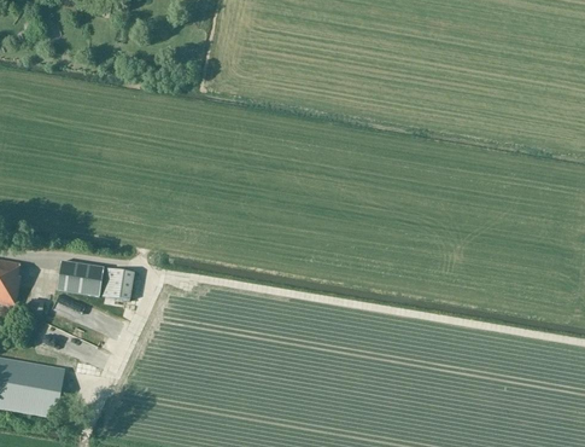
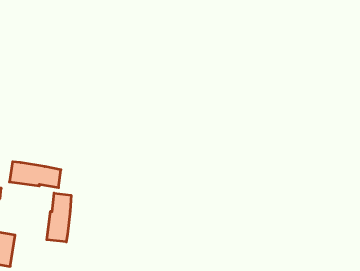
building: none -> [47,193,71,242]

